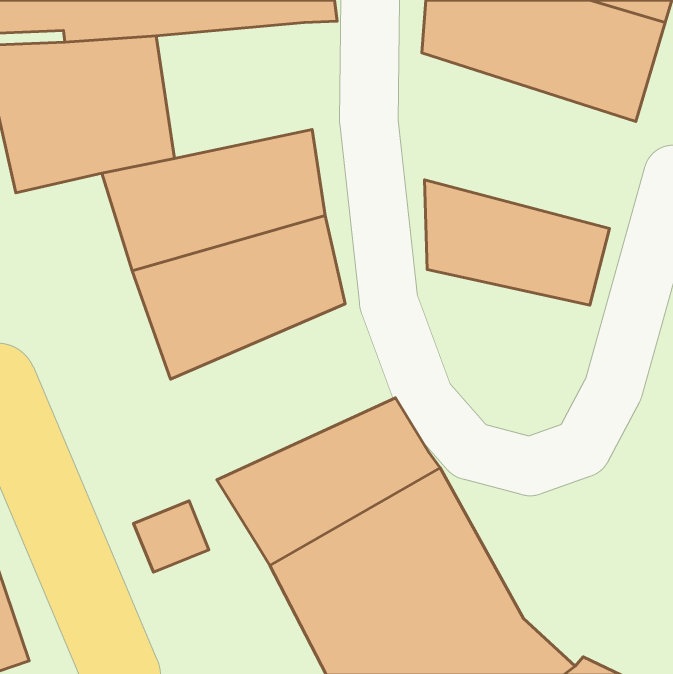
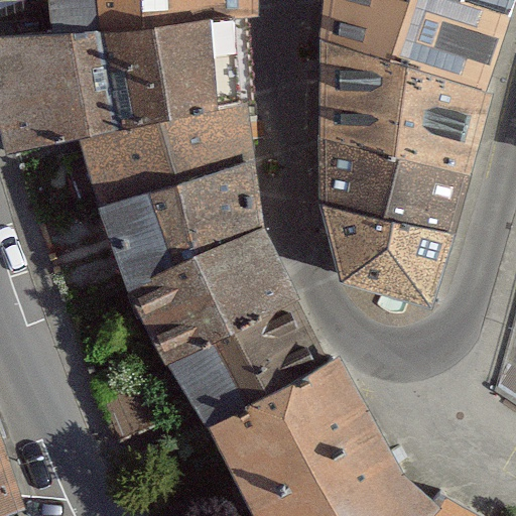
building: none -> [119,18,238,122]
building: none -> [321,41,490,175]
building: none -> [326,207,449,302]
building: none -> [130,233,301,367]

